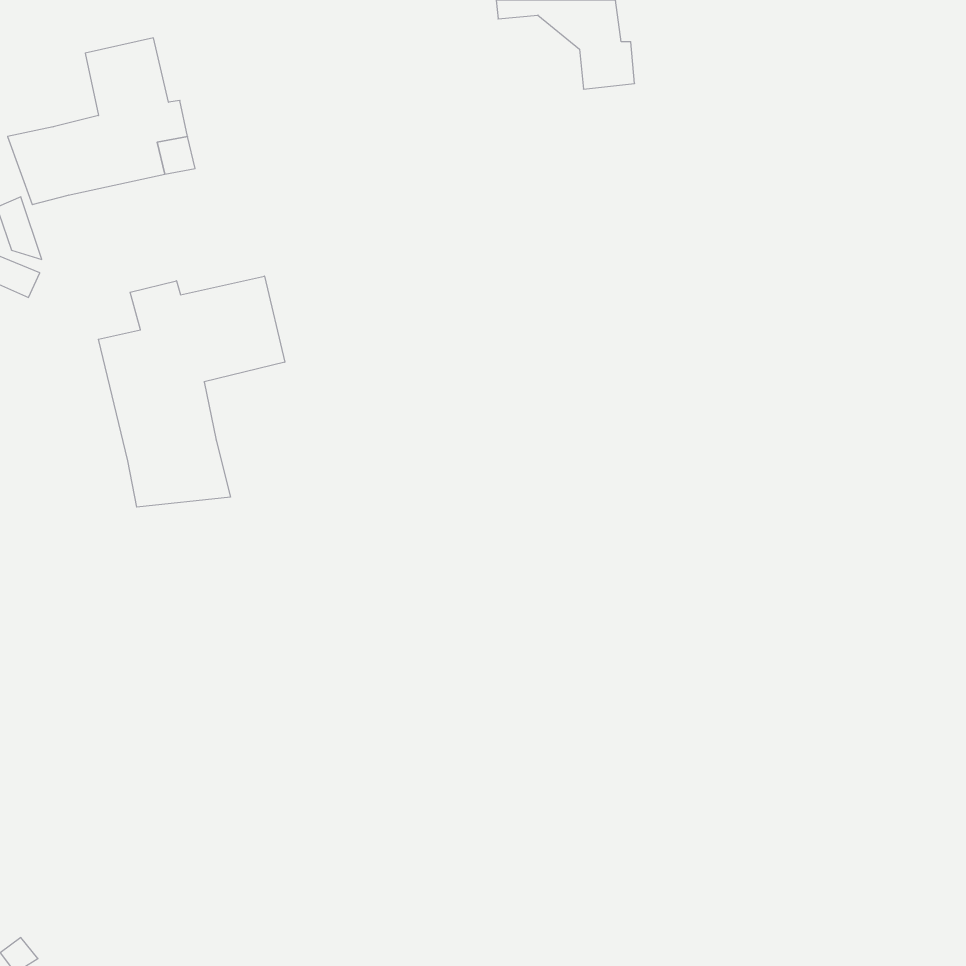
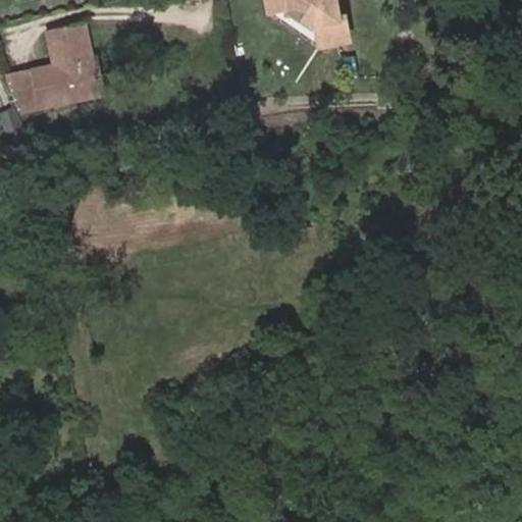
building: [98,276,285,507] -> none

